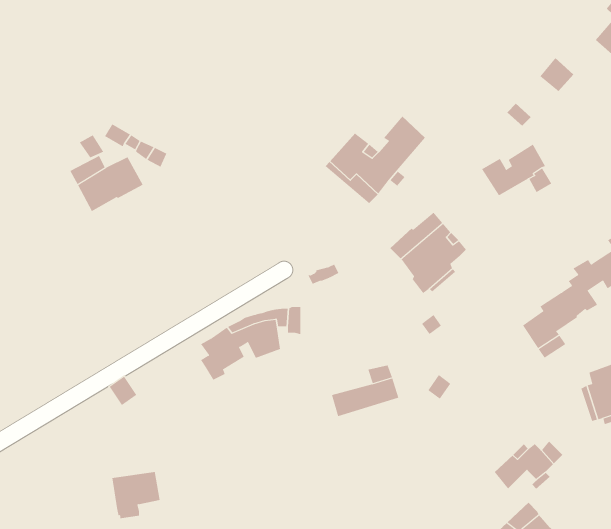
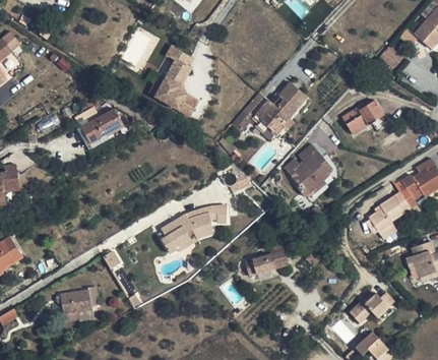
building: none -> [152,43,199,118]
building: [111,472,160,519] -> [60,291,91,321]

